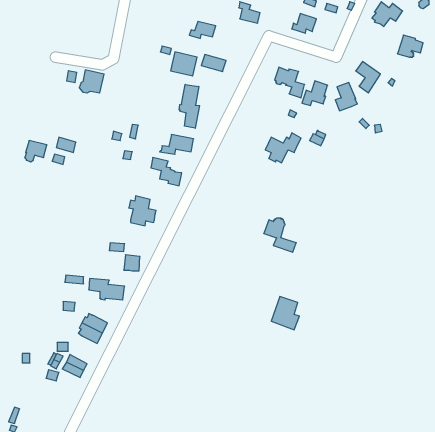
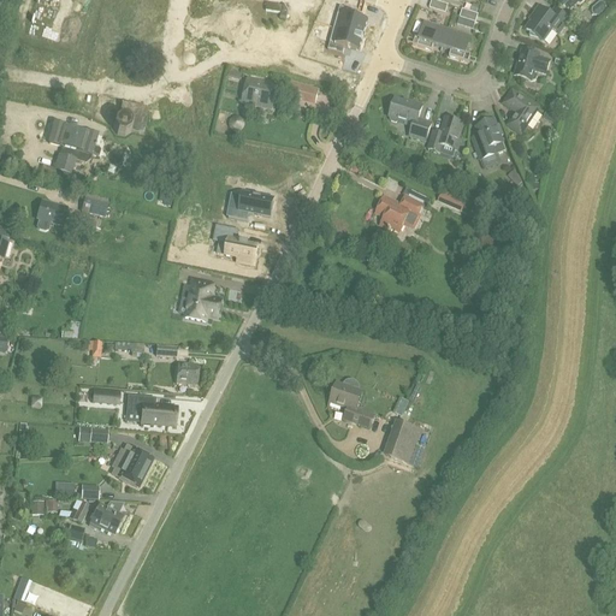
building: none -> [440,26,469,58]
building: [189,21,216,38] -> [326,26,363,51]
building: [397,35,423,57] -> [513,46,549,77]
building: none -> [38,119,99,183]
building: [179,84,200,128] -> none
building: [264,218,296,252] -> [328,378,374,426]

